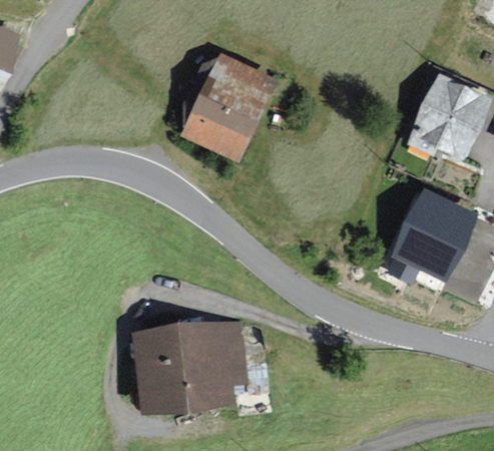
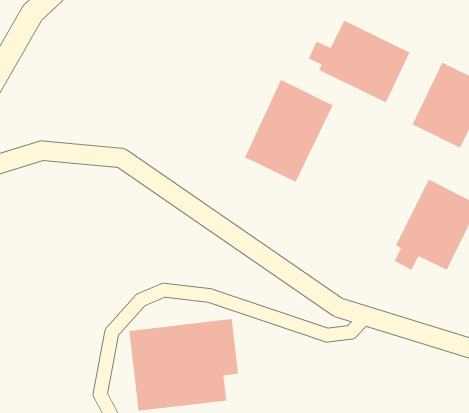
building: none -> [308,20,410,103]
building: [186,55,273,154] -> [244,79,334,182]

